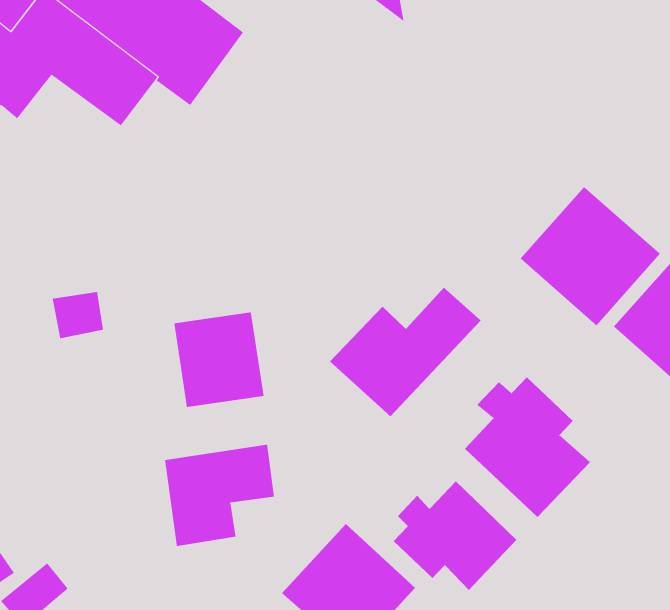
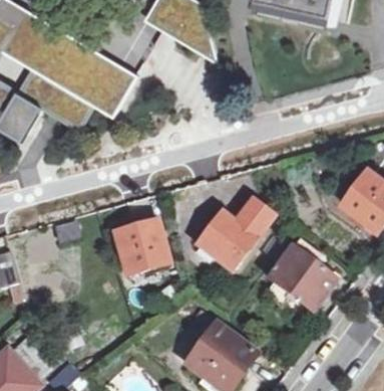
building: [520,186,661,326] -> none
building: [164,444,274,547] -> none
building: [393,480,517,591] -> none

